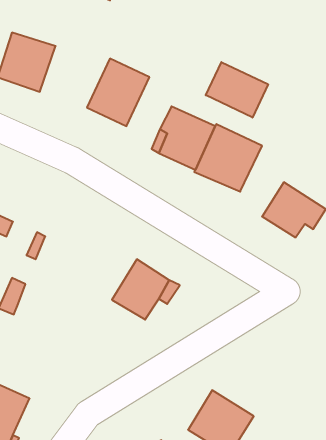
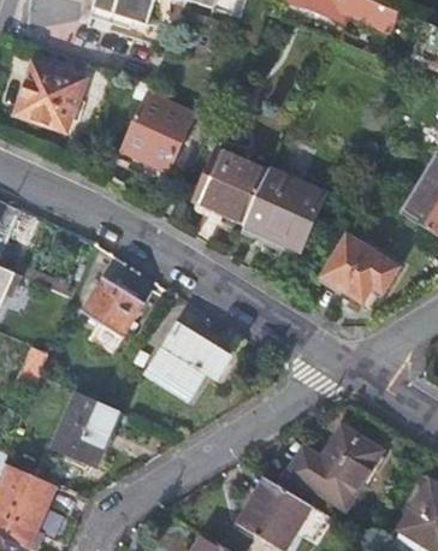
building: [206,62,268,118] -> none
building: none -> [83,280,143,352]
building: none -> [54,392,120,466]
building: none -> [285,426,379,509]

